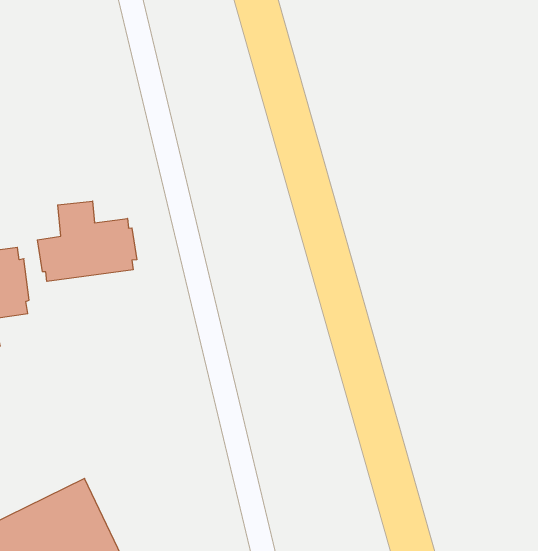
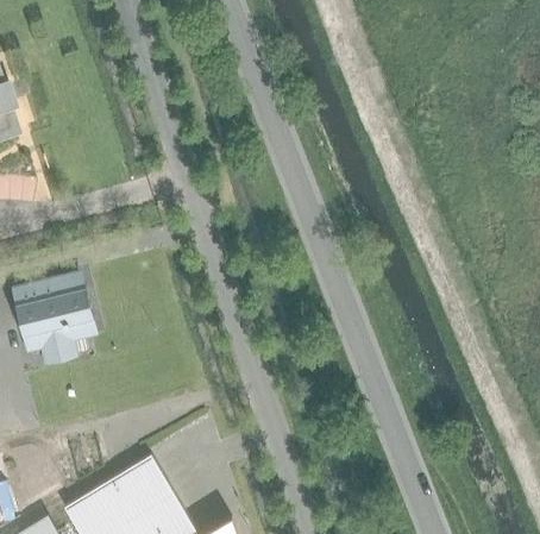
building: [37,201,137,281] -> none

